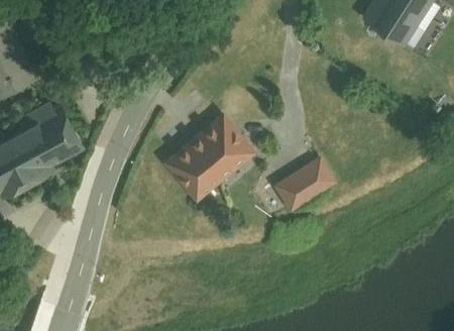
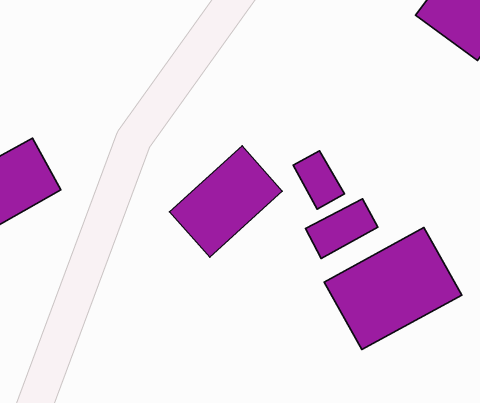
building: none -> [293,151,344,209]
building: none -> [324,228,462,349]

